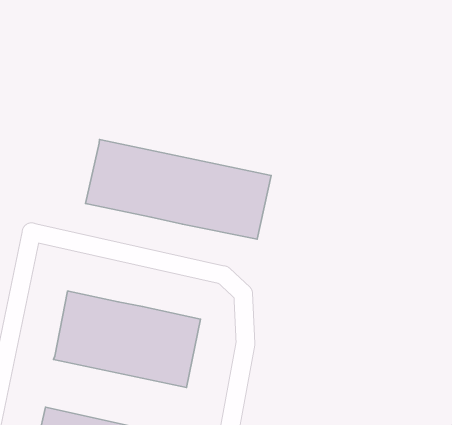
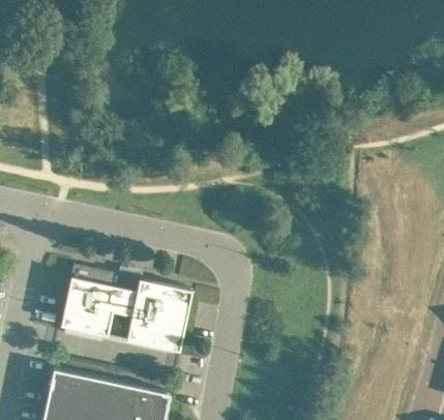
building: [86,140,271,239] -> none

